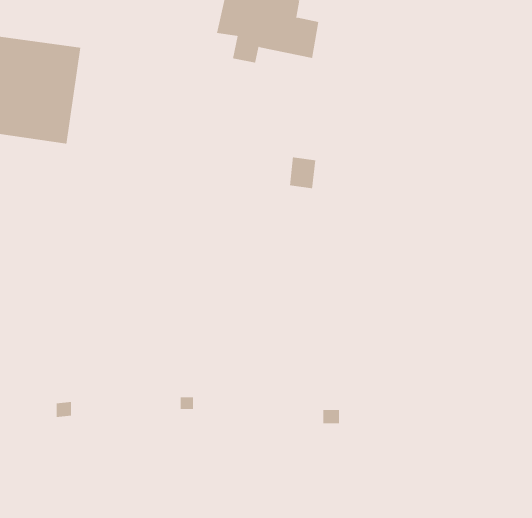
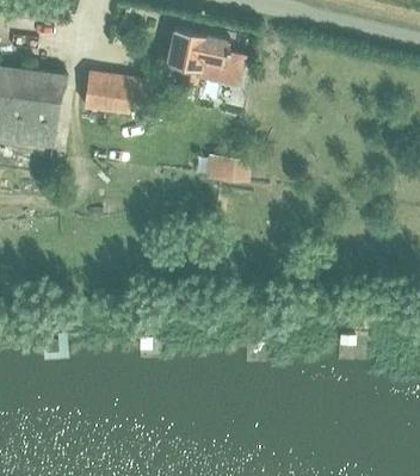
building: none -> [85,74,150,115]

